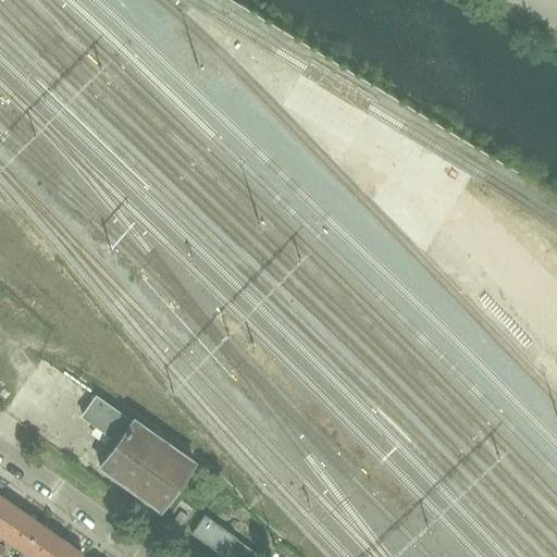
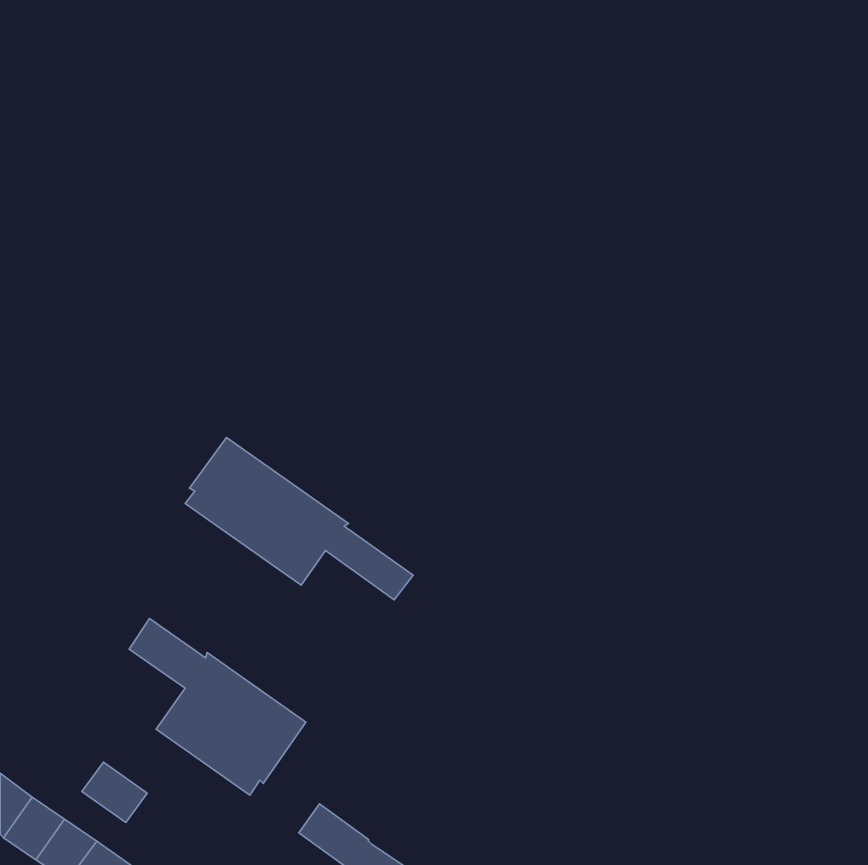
building: none -> [185,437,413,600]
building: none -> [82,762,147,822]

